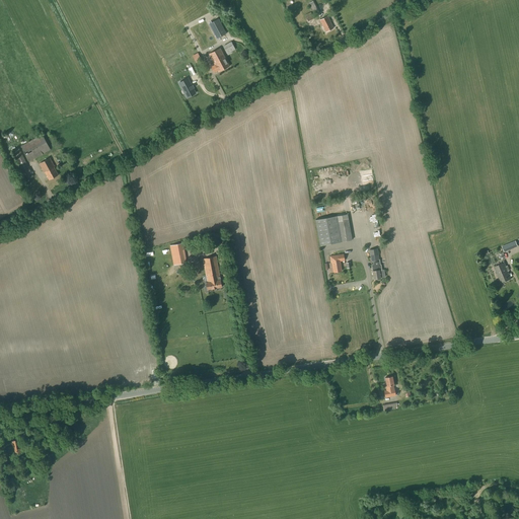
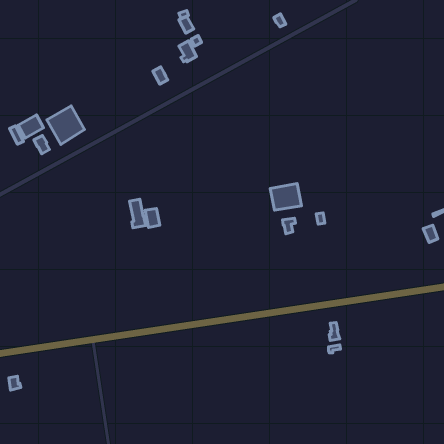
building: none -> [47,106,85,144]
building: [203,256,222,290] -> [129,199,146,228]

